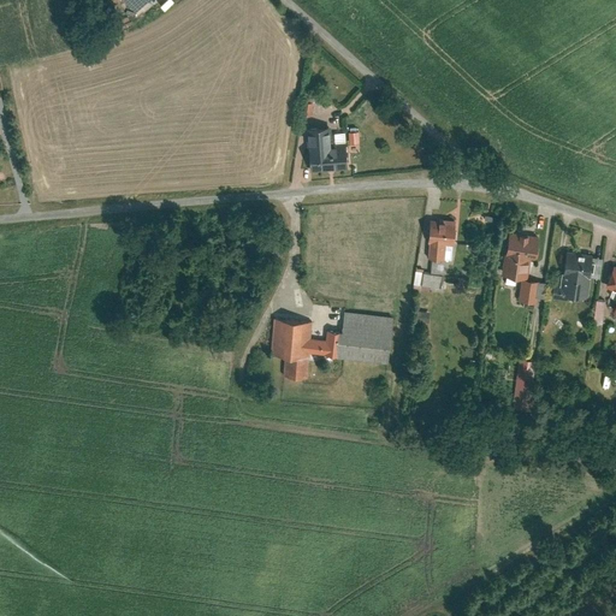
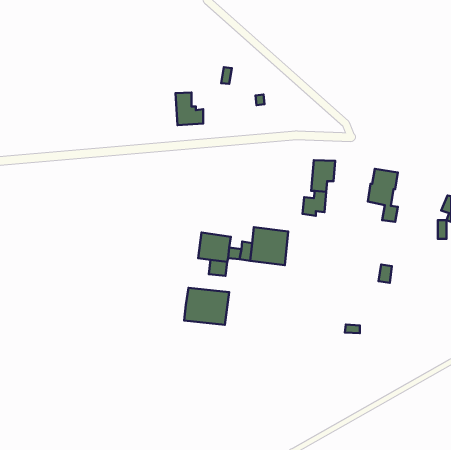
building: [309,126,346,171] -> [176,92,203,125]
building: [561,256,598,303] -> none
building: none -> [184,288,229,325]

